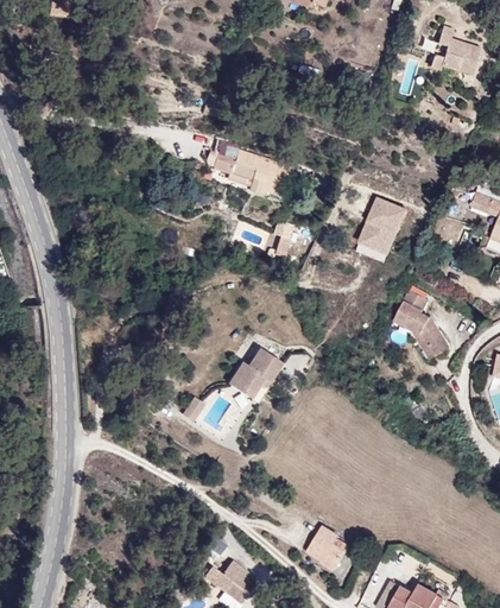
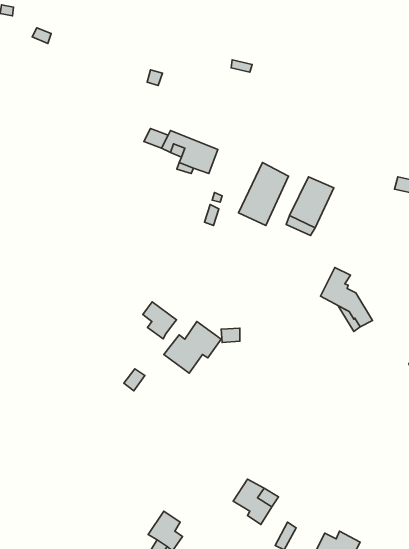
building: [425,23,474,71] -> none
building: none -> [239,163,289,225]
building: none -> [143,302,177,339]

